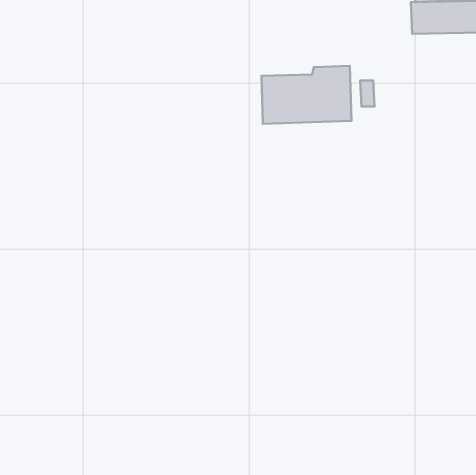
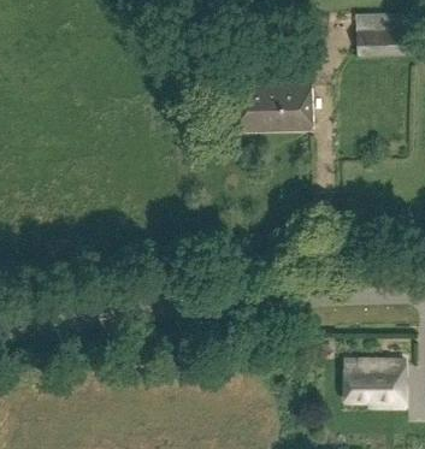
building: none -> [342,358,400,402]

